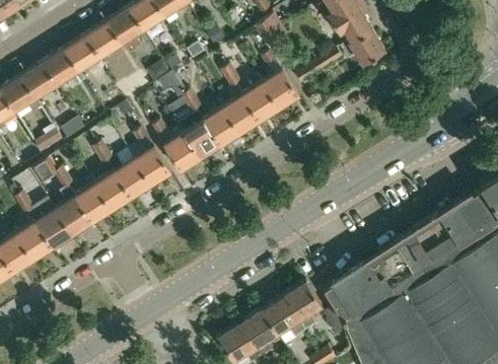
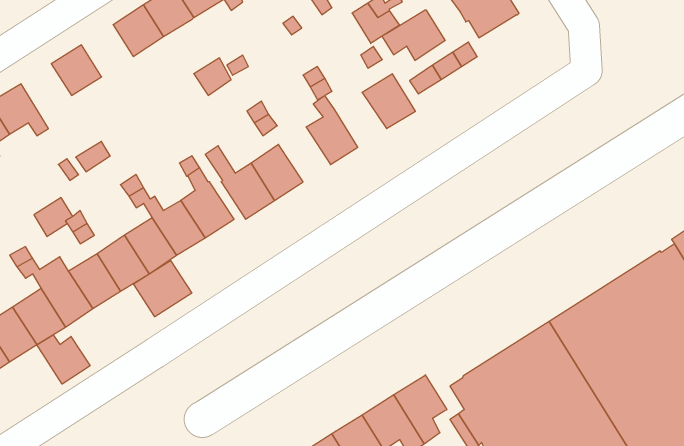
building: [340,27,384,63] -> [382,10,445,60]
building: [64,34,100,71] -> none
building: [21,62,57,107] -> none
building: [242,82,279,121] -> none
building: [203,106,239,145] -> none
building: none -> [133,260,192,317]
building: none -> [37,335,90,384]

